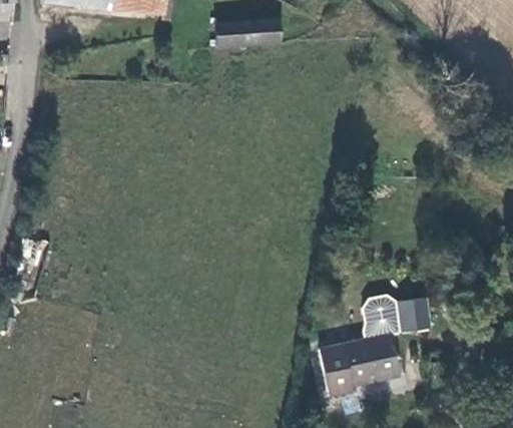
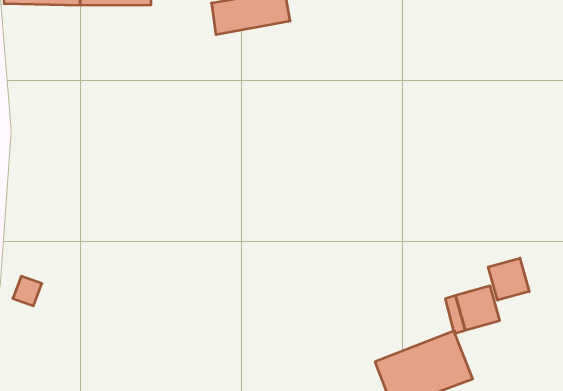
building: none -> [488,258,529,300]

